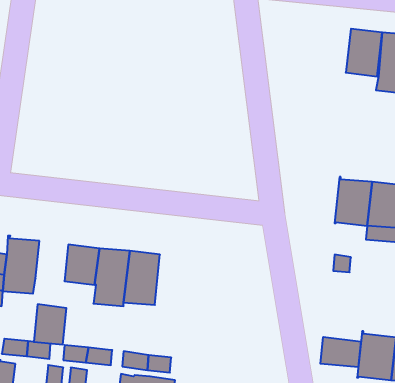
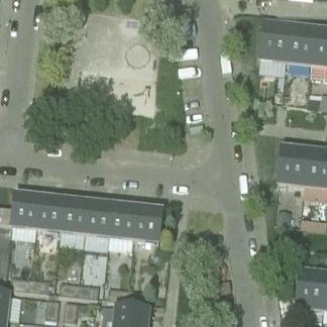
building: none -> [258,21,290,74]
building: none -> [133,207,161,241]
building: [34,304,66,344] -> [36,196,63,228]
building: [320,337,361,367] -> none

